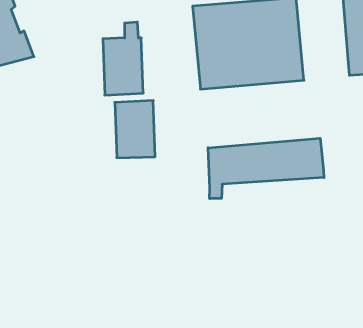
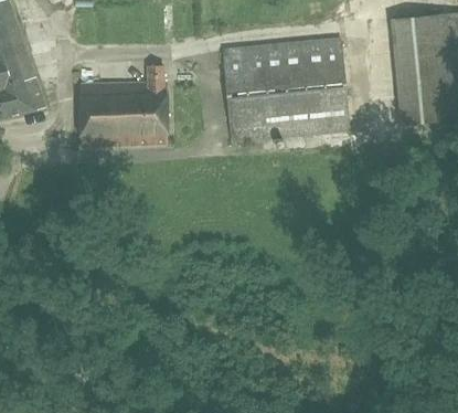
building: [115,101,155,158] -> [81,83,126,147]
building: [208,138,324,199] -> none

